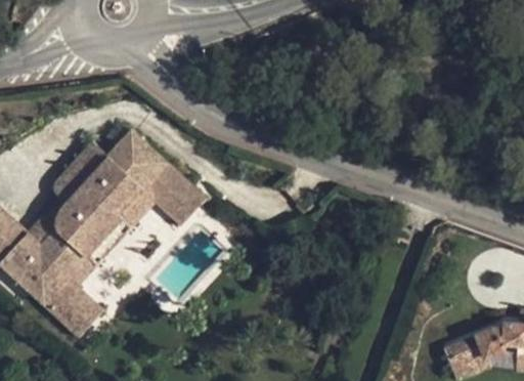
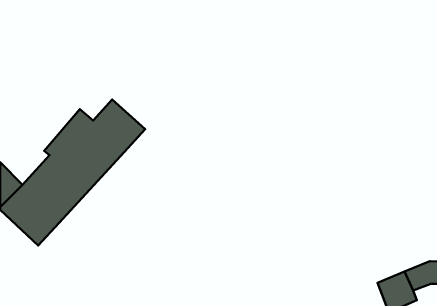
building: [149,171,200,221] -> none
building: [48,282,98,332] -> none

